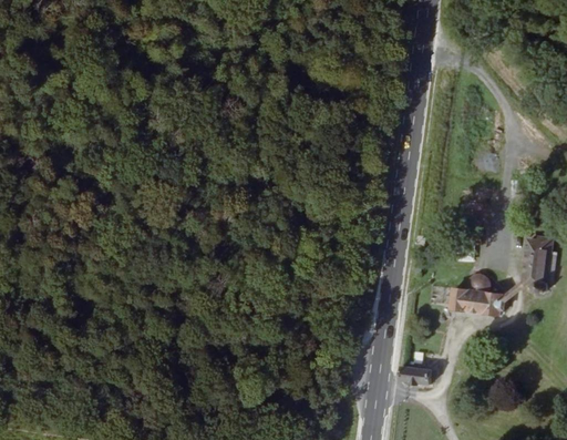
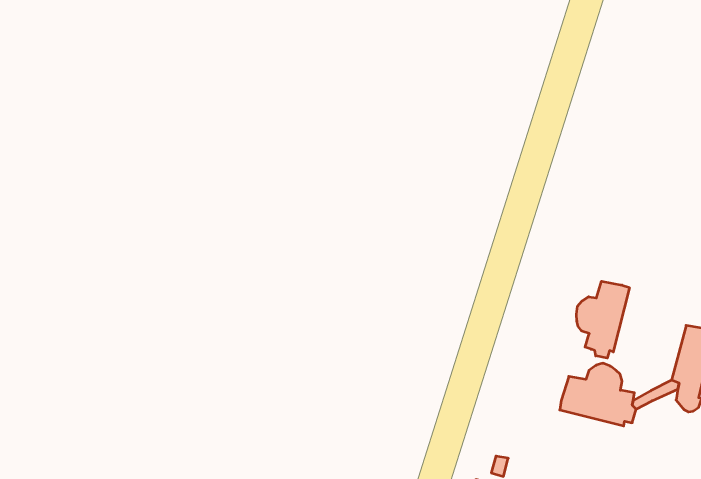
building: none -> [576,281,629,358]

